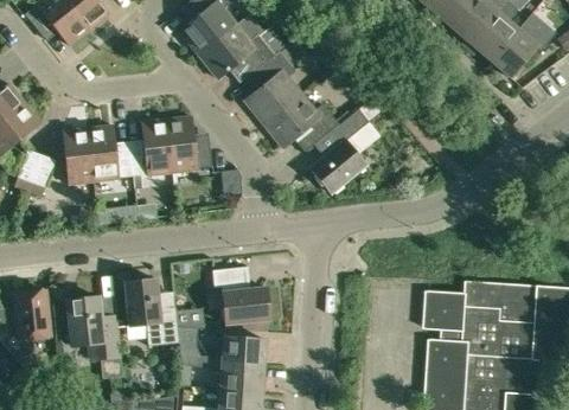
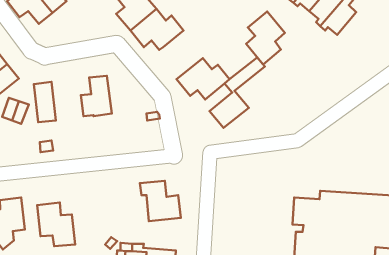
building: [490,26,546,77] -> none
building: none -> [246,12,285,65]
building: [243,50,300,123] -> none
building: [165,116,211,172] -> none
building: [87,124,132,181] -> none
building: [122,280,178,346] -> none
building: [216,335,264,365] -> none

